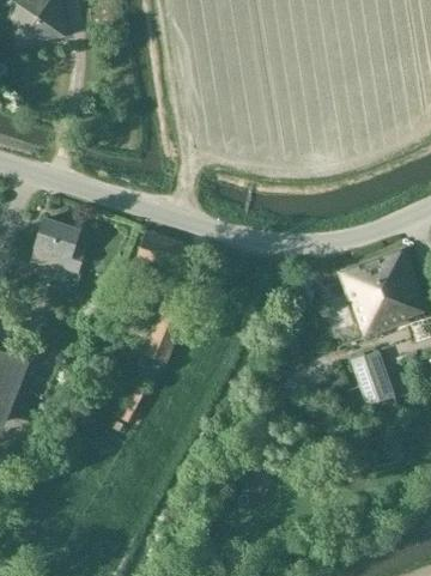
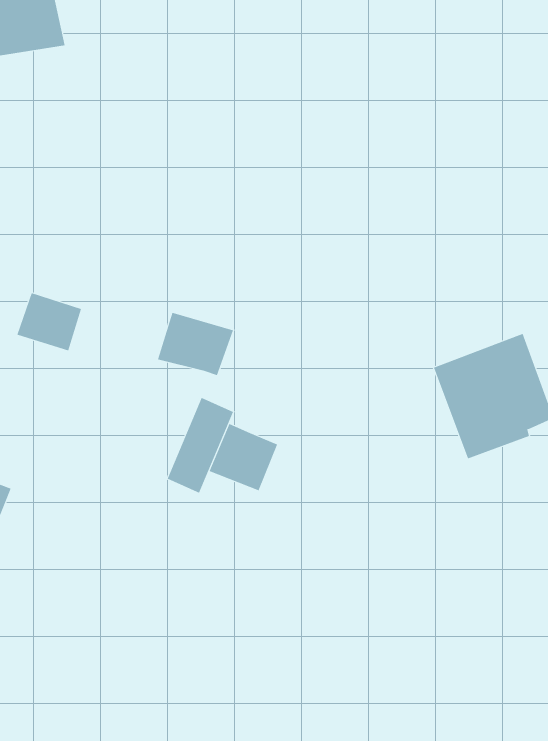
building: [29,249,85,274] -> none
building: none -> [209,423,278,491]
building: [351,351,394,406] -> none

